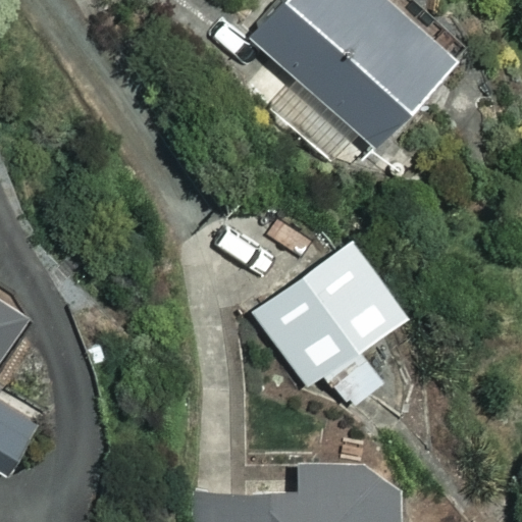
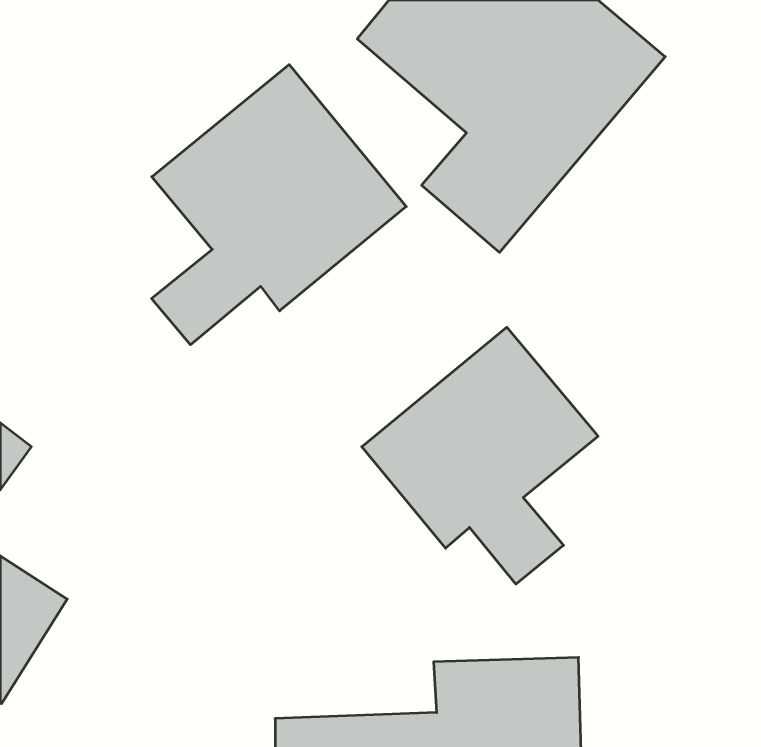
building: none -> [152,65,406,345]

